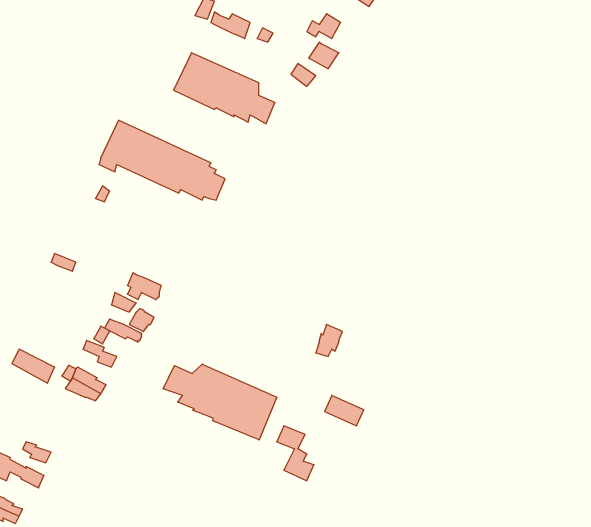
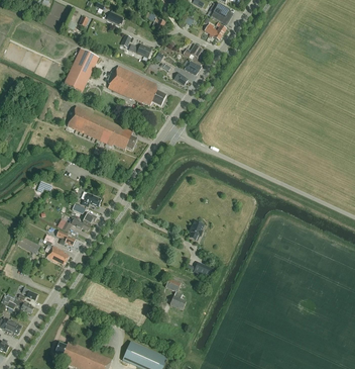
building: none -> [63,49,98,94]
building: [163,364,277,440] -> none

